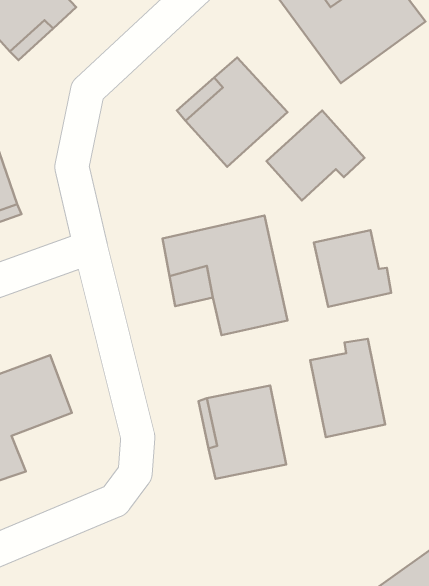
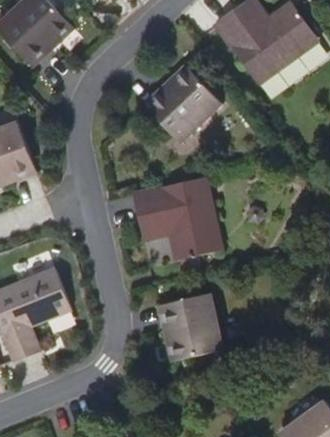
building: [266,110,364,200] -> none
building: [314,230,391,307] -> none
building: [310,339,385,437] -> none

